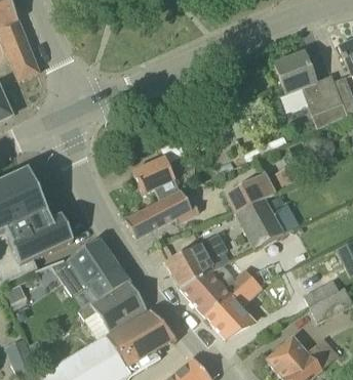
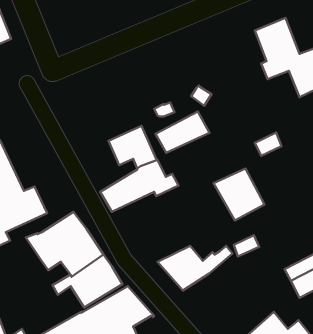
building: [225,171,277,211] -> [155,111,210,153]
building: [166,241,224,287] -> none
building: [205,279,260,337] -> none

